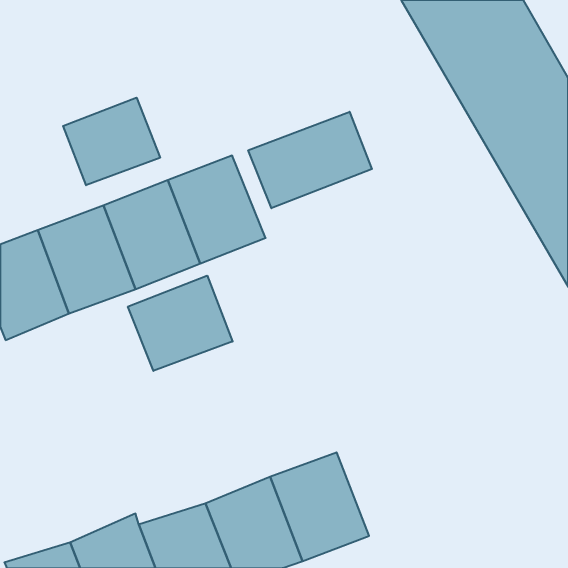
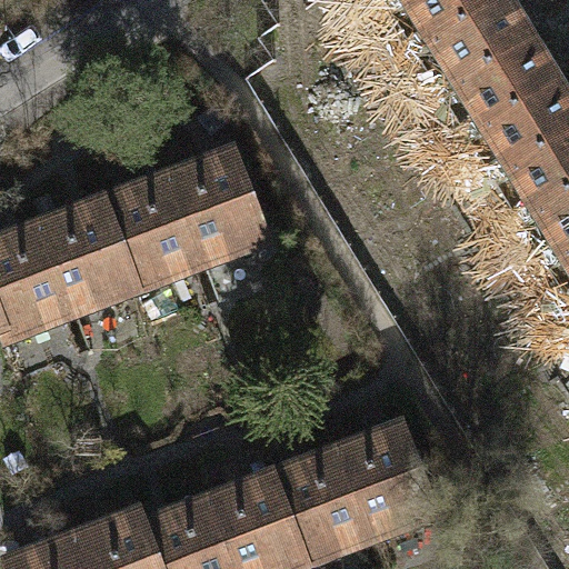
building: [63,98,160,185] -> none
building: [248,112,372,208] -> none
building: [128,276,233,371] -> none
building: none -> [337,428,433,536]

